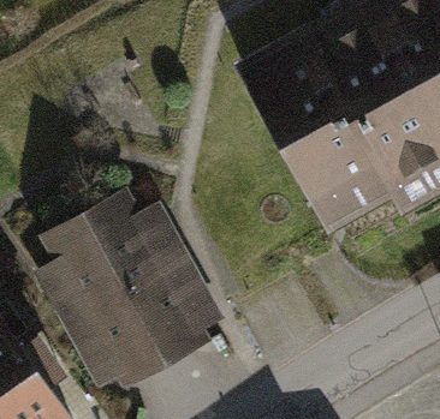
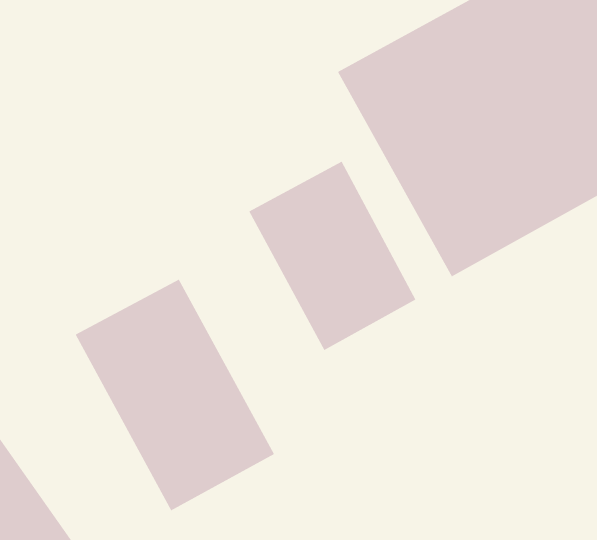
building: none -> [249,161,416,351]

